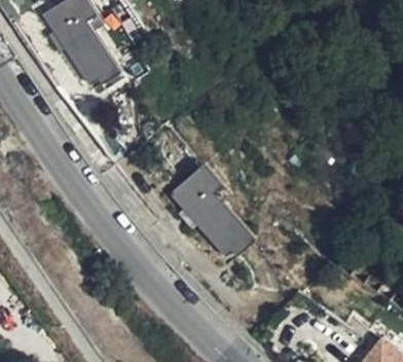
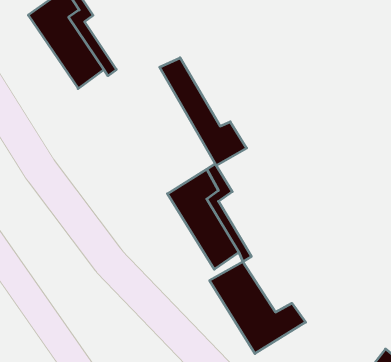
building: none -> [160,58,247,165]
building: none -> [210,262,306,354]

